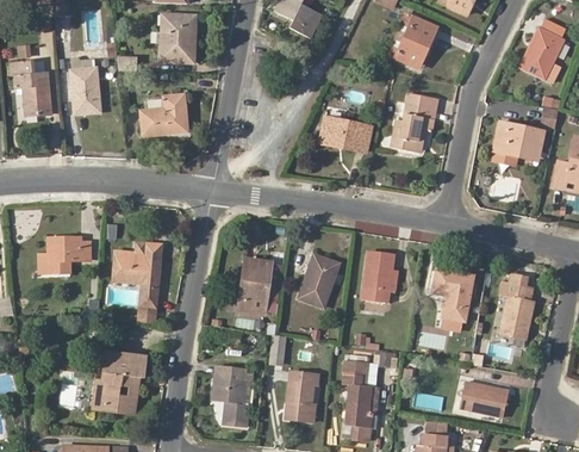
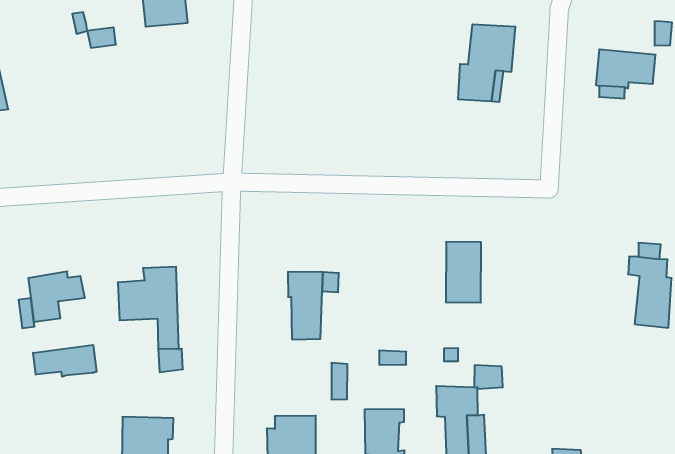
building: [71,60,100,114] -> none
building: [142,97,186,136] -> none
building: [320,119,369,151] -> none
building: [299,255,337,307] -> none
building: [431,268,473,321] -> none
building: none -> [33,345,97,377]
building: [460,382,508,417] -> none

